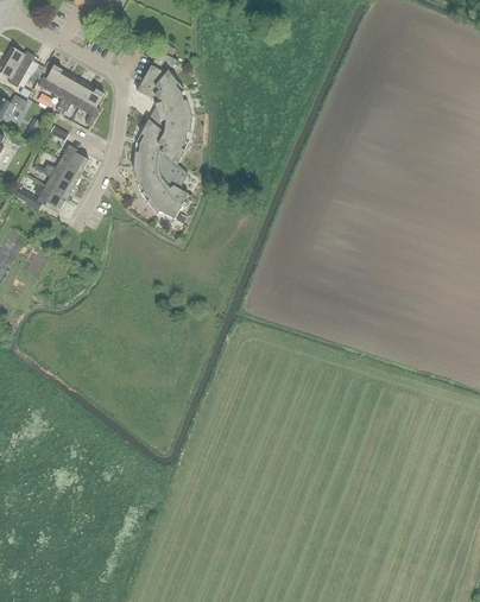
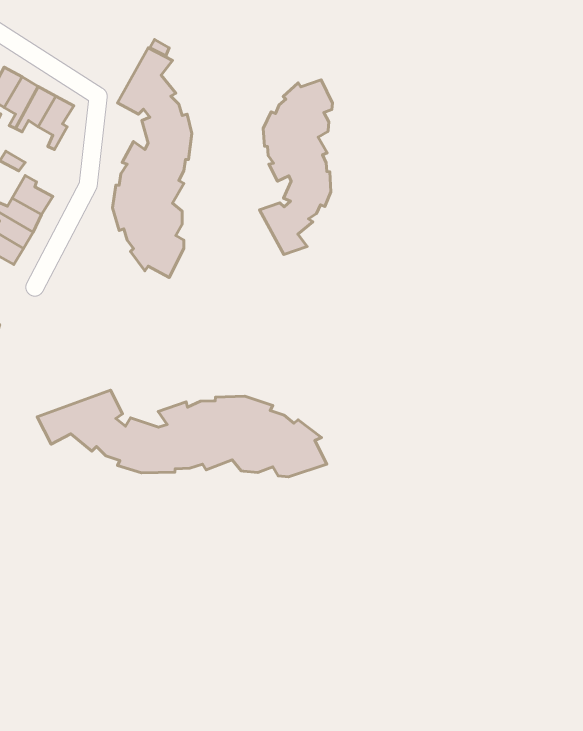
building: none -> [260,80,332,254]
building: none -> [37,390,327,477]

